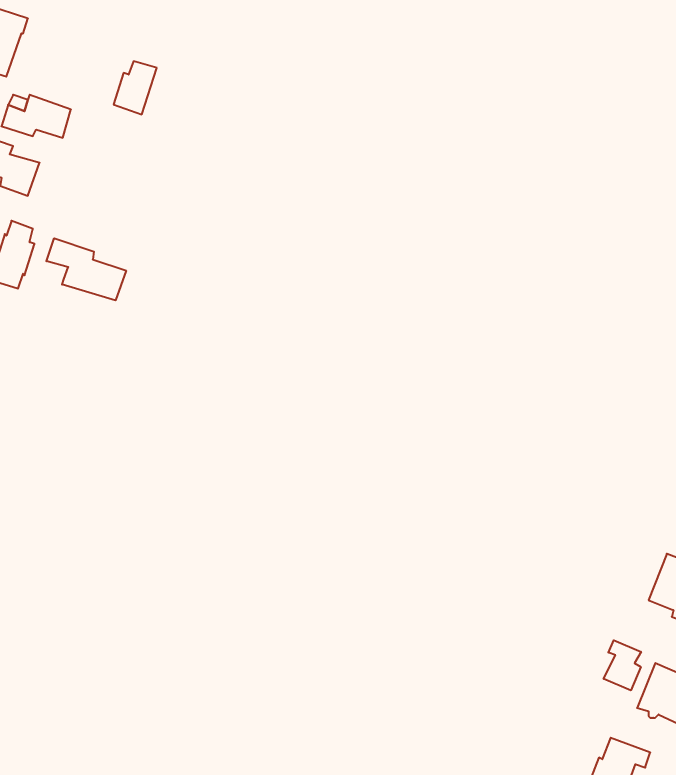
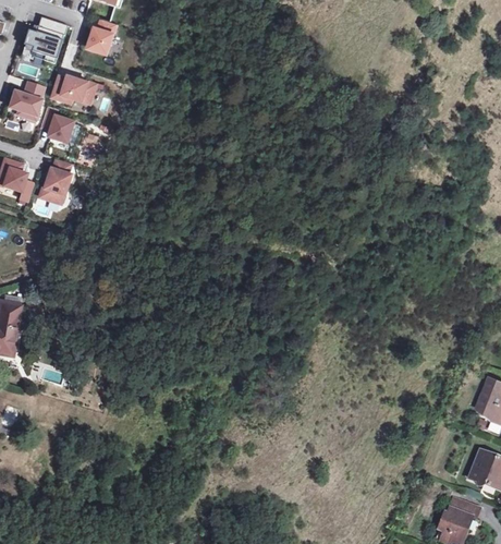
building: [114,61,157,114] -> [88,20,117,55]
building: [46,238,126,300] -> none
building: [604,640,641,690] -> none

